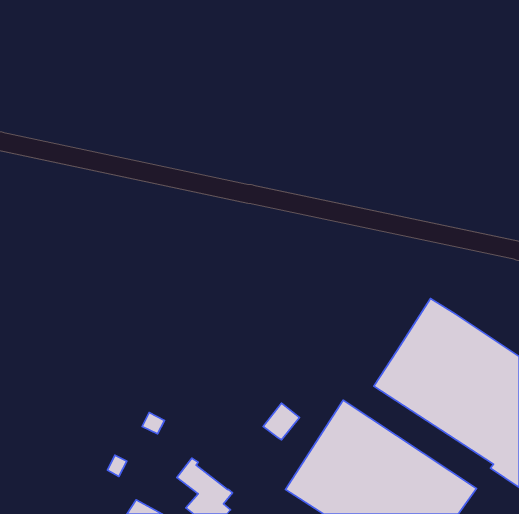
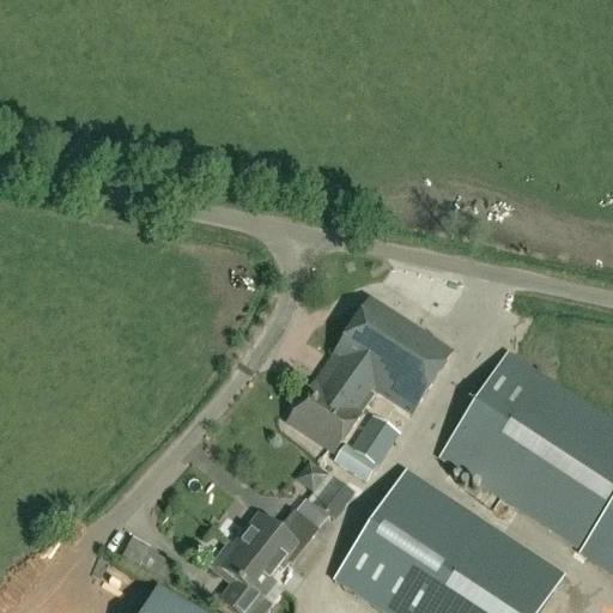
building: none -> [287,297,451,450]
building: none -> [333,412,400,480]
building: none -> [226,509,318,577]

